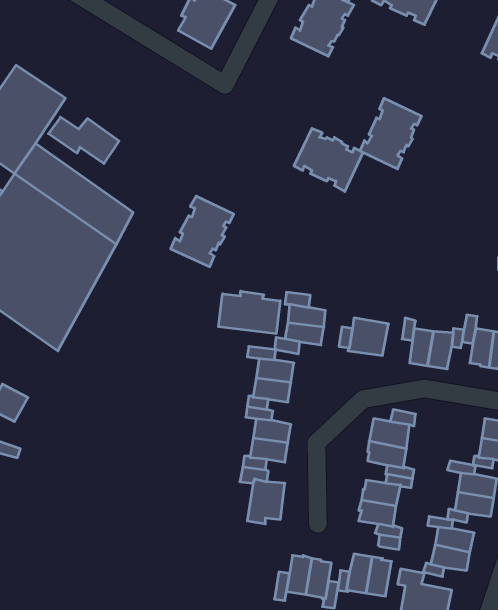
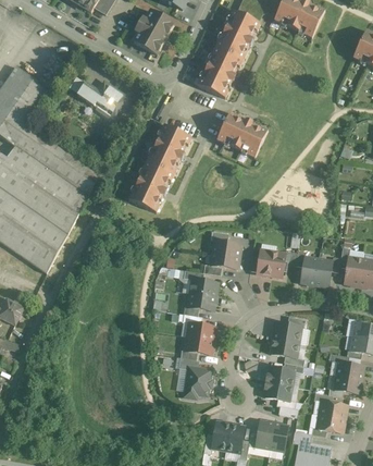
building: [360,98,422,169] -> [197,47,241,98]
building: [48,117,119,164] -> [76,82,127,115]
building: none -> [146,124,190,174]
building: [218,291,280,334] -> none

